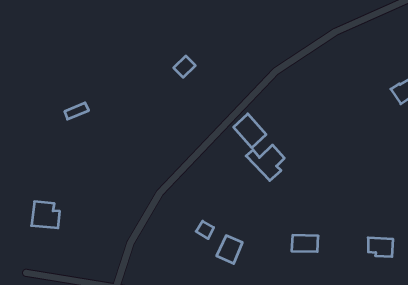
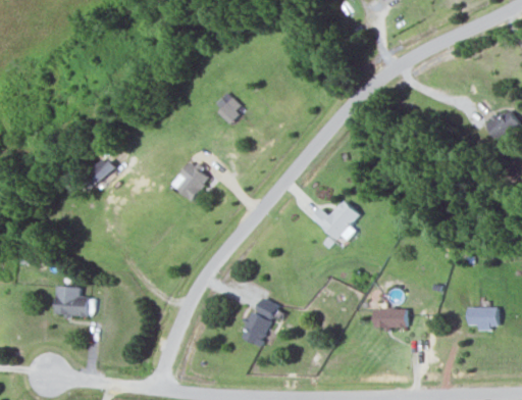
building: none -> [170,161,209,200]
building: [234,114,266,148] -> none
building: [217,236,242,264] -> [240,312,270,346]

